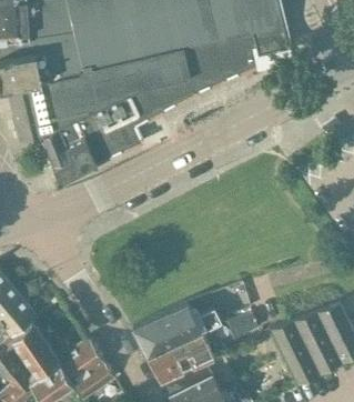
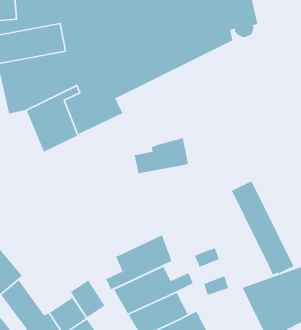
building: none -> [134,137,189,174]
building: none -> [231,180,294,276]
building: none -> [105,234,173,290]
building: none -> [70,280,105,318]

